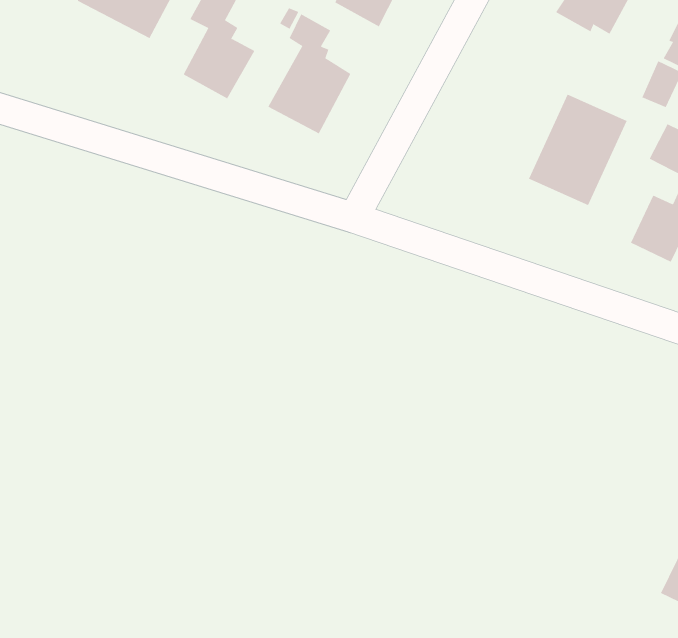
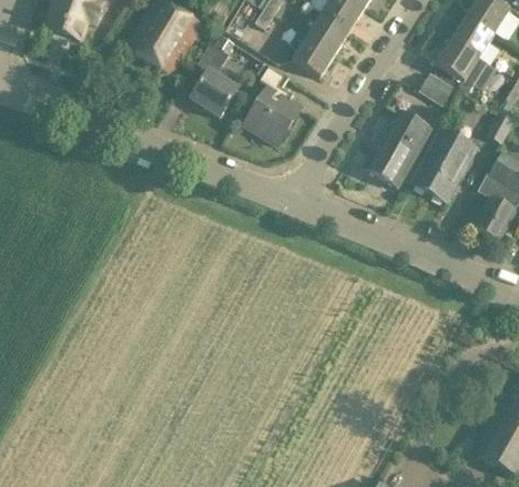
building: none -> [420,73,457,105]
building: none -> [363,111,429,187]

